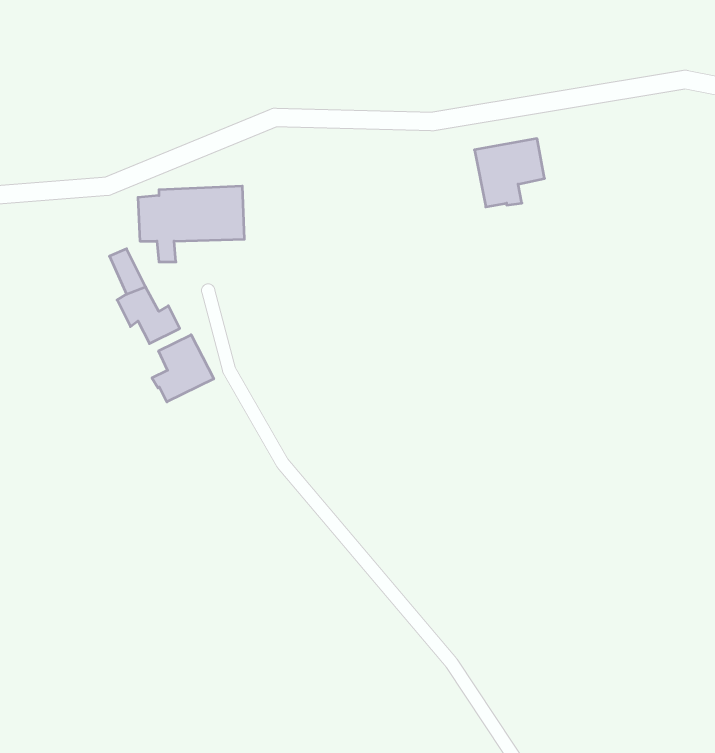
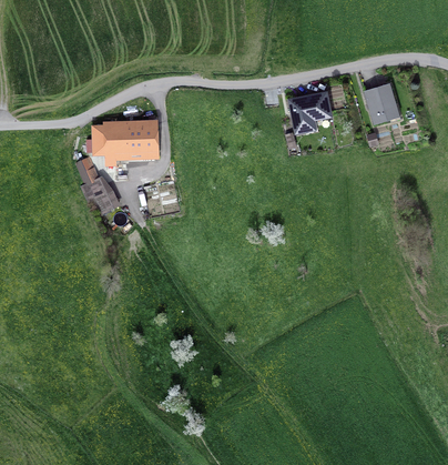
building: none -> [365,84,395,124]
building: [152,335,214,402] -> none

